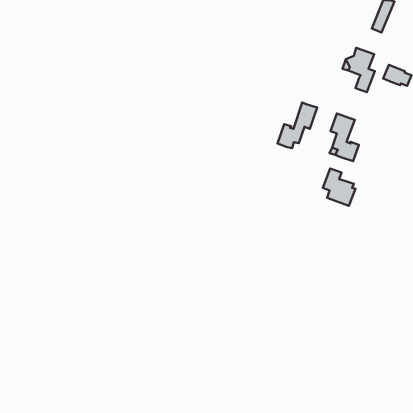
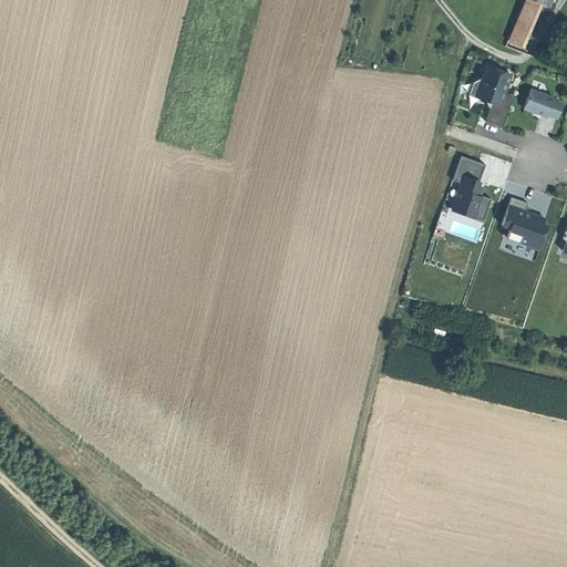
building: [277,103,317,148] -> none
building: [323,169,355,206] -> [503,198,547,249]

